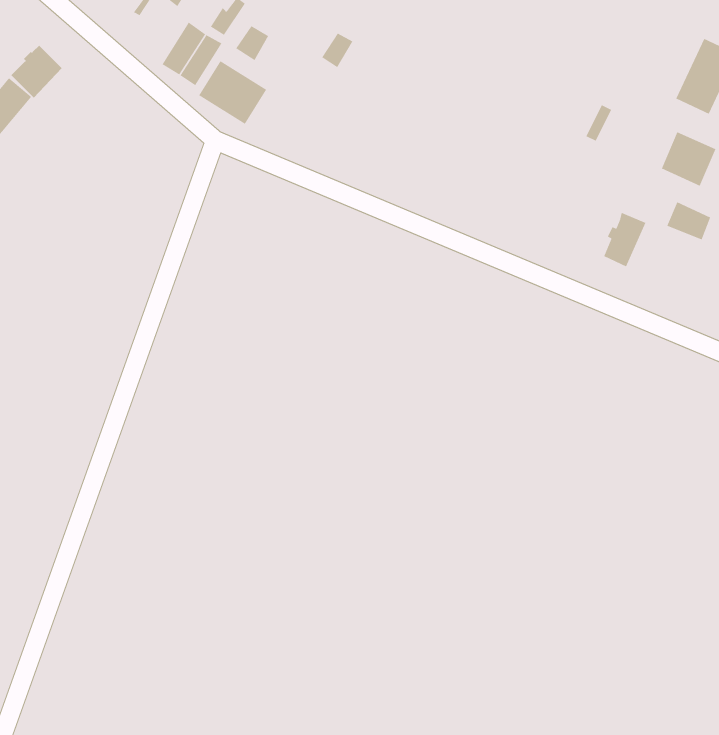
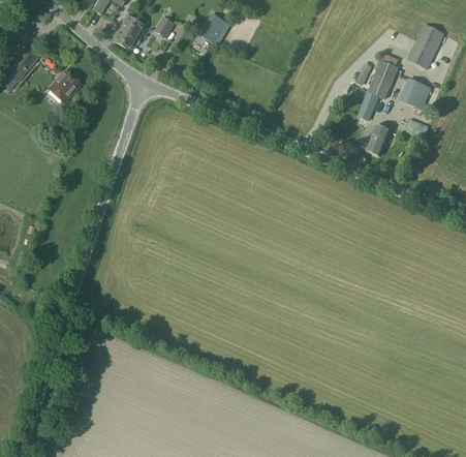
building: [10,45,62,99] -> [49,71,79,102]
building: [198,60,267,125] -> none
building: none -> [358,60,397,119]

